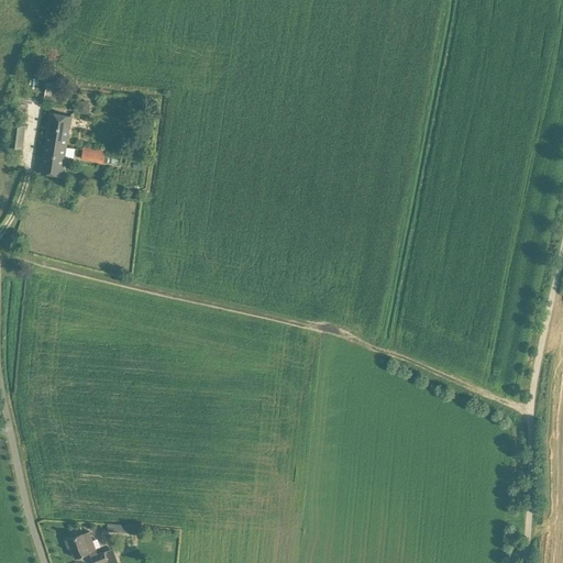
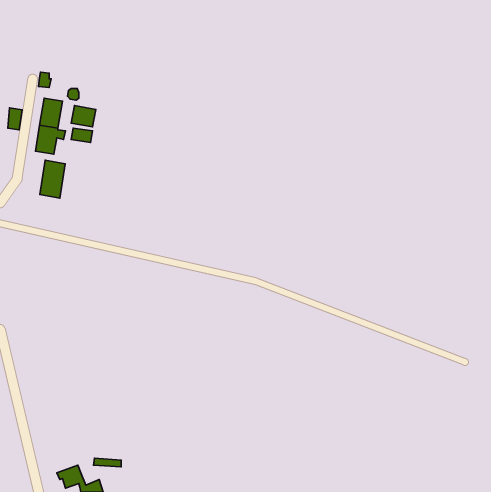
building: none -> [71,106,96,127]
building: none -> [40,160,65,198]

